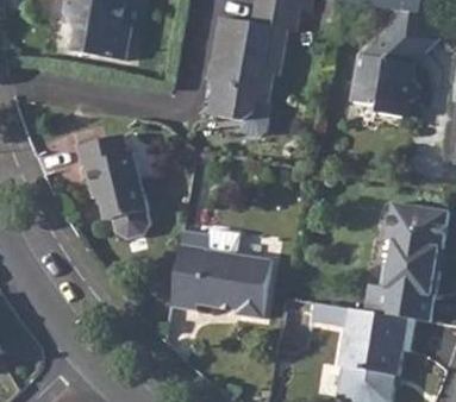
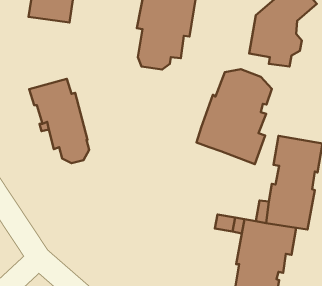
building: none -> [196,69,272,164]
building: [170,228,271,319] -> none

